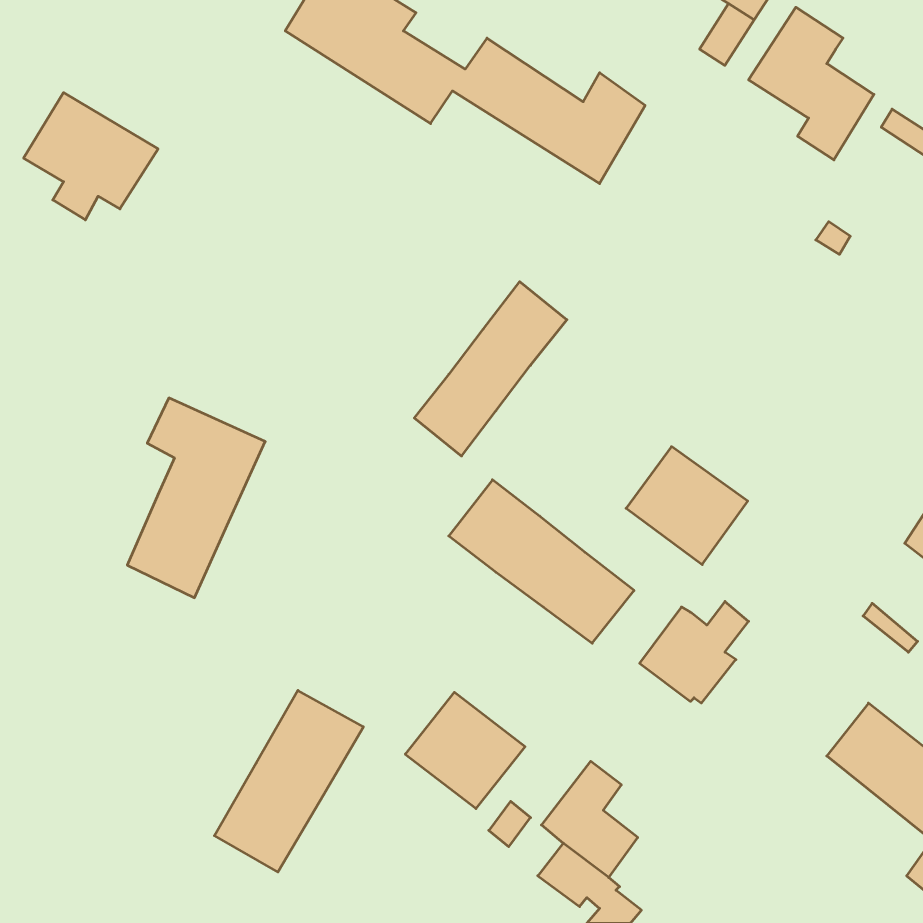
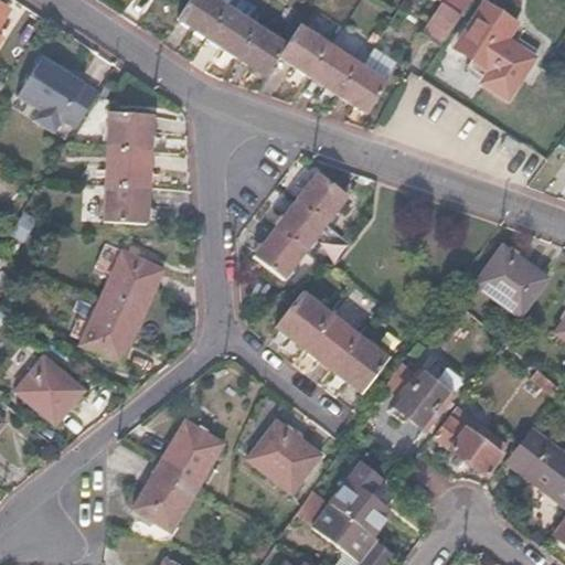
building: none -> [105,111,153,224]
building: [626,447,748,565] -> [473,245,547,317]
building: none -> [17,355,84,423]
building: none -> [433,414,507,473]

